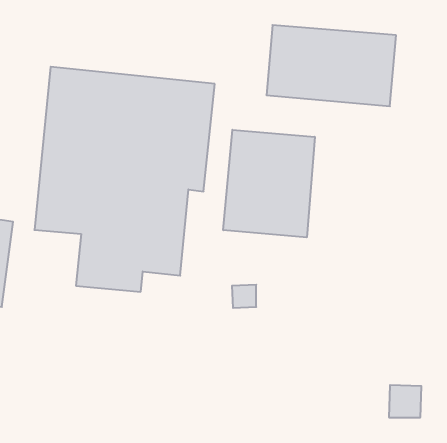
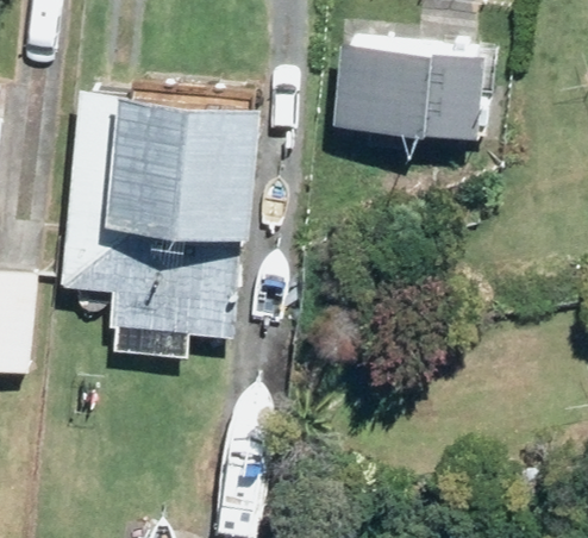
building: [223,130,315,237] -> none

